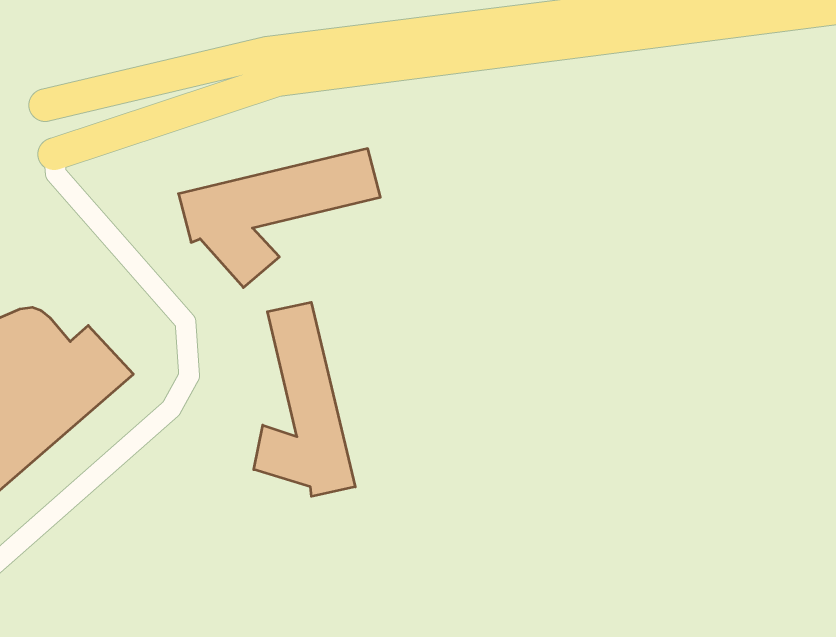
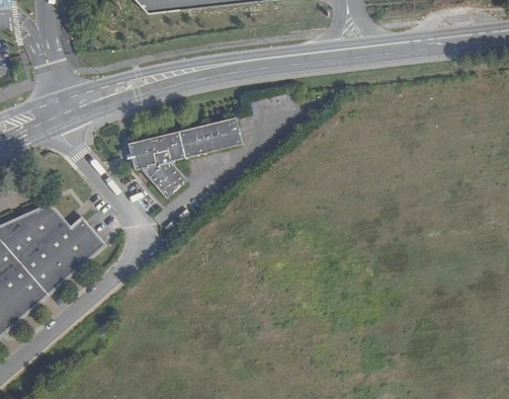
building: [254,302,355,496] -> none

